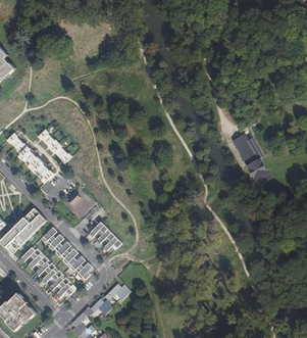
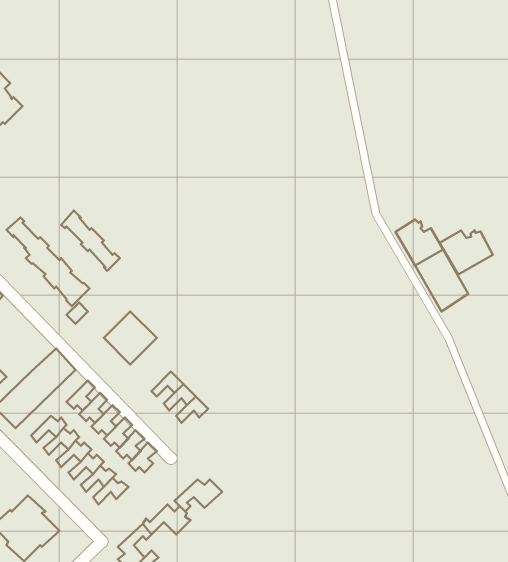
building: none -> [439,230,493,275]

